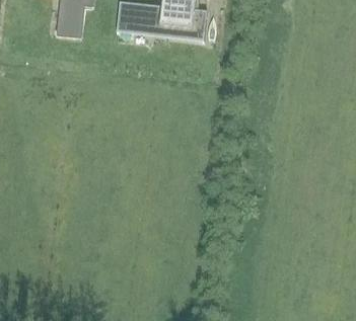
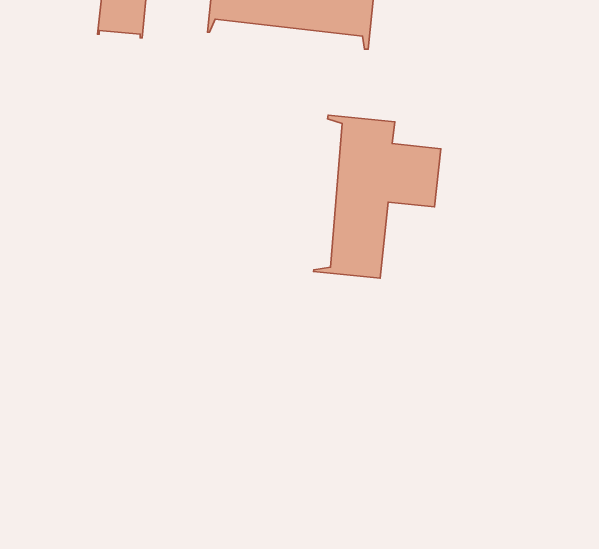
building: none -> [314,115,441,278]

